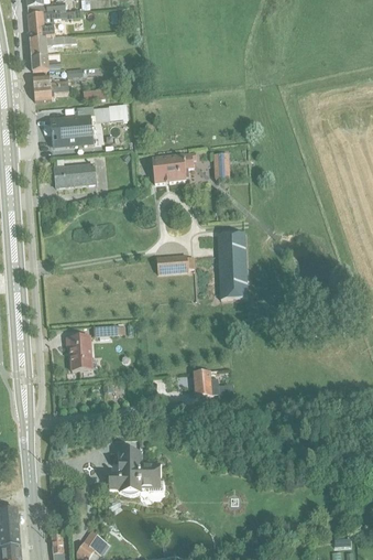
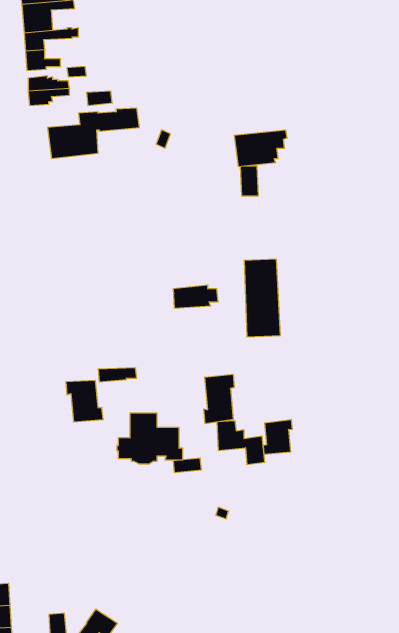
building: [151,152,196,183] -> [234,130,287,166]
building: [54,163,96,187] -> none
building: none -> [204,374,234,424]
building: none -> [263,419,292,454]
building: [107,450,163,493] -> [117,413,183,464]

